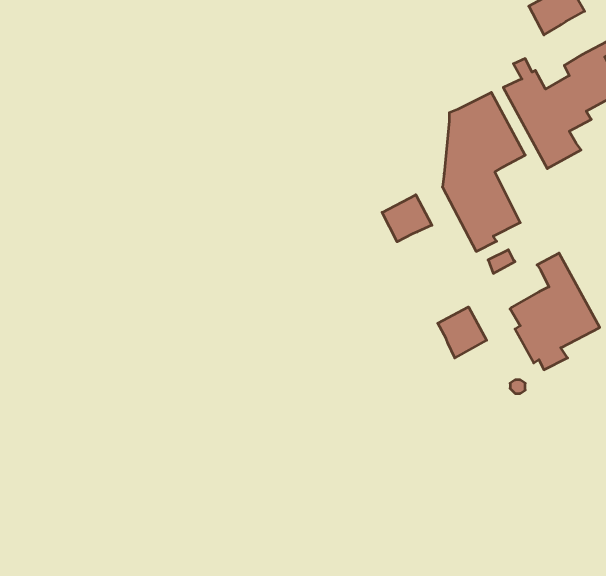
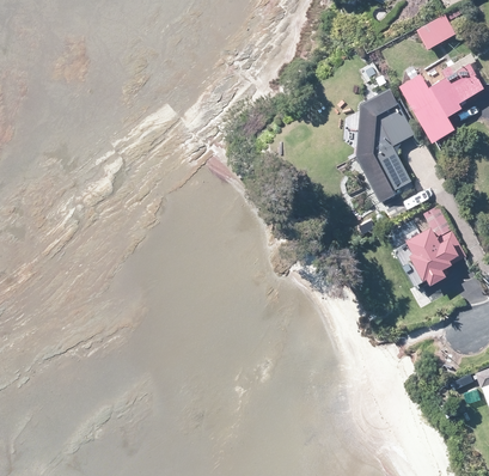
building: [382,195,432,242] -> none
building: [438,307,487,358] -> none

